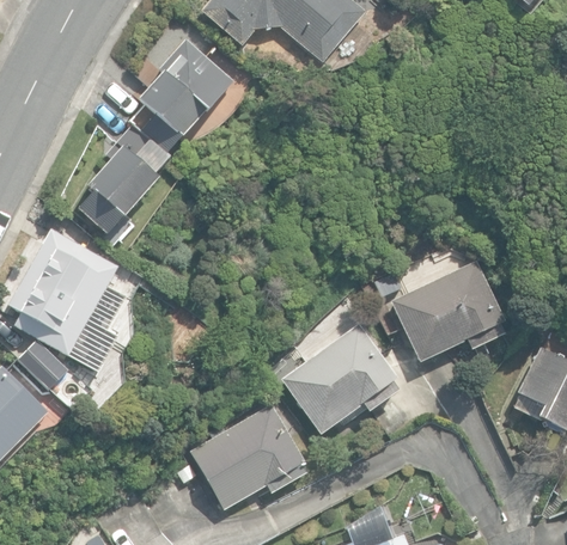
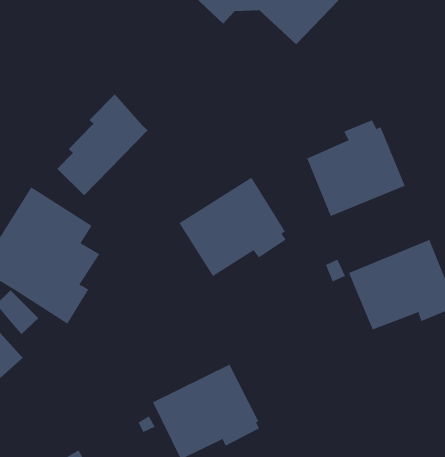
building: [130,38,233,155] -> none
building: none -> [307,119,406,217]
building: [282,324,398,433] -> [179,177,287,277]

